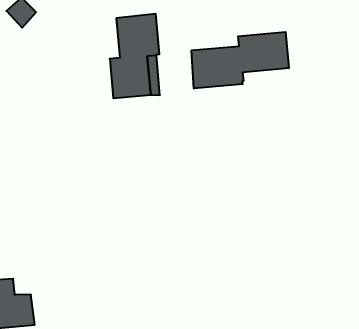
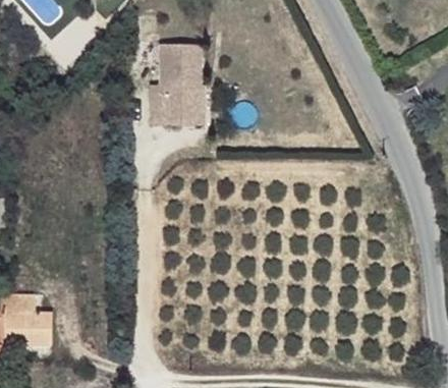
building: [192,32,289,89] -> none

